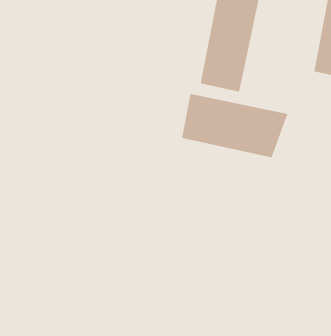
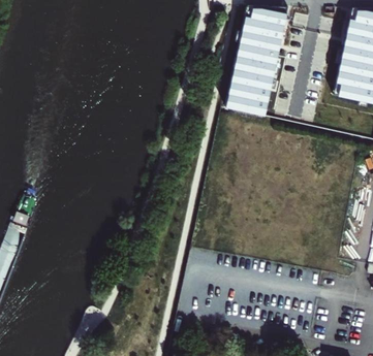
building: [181,93,288,158] -> none

